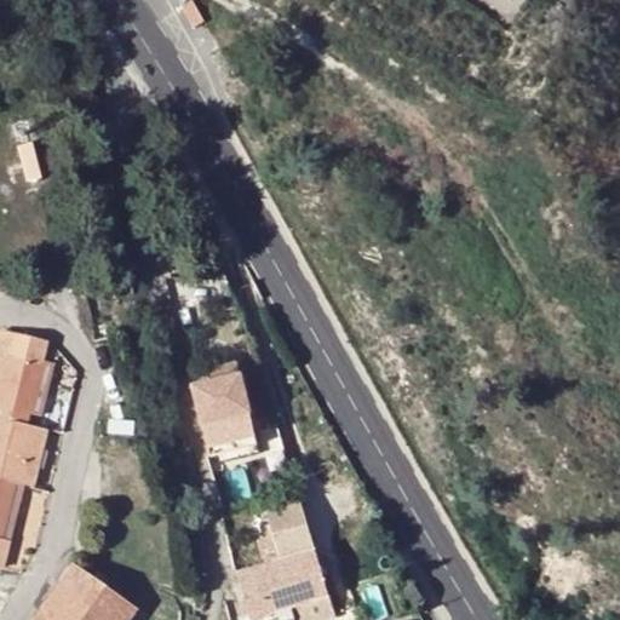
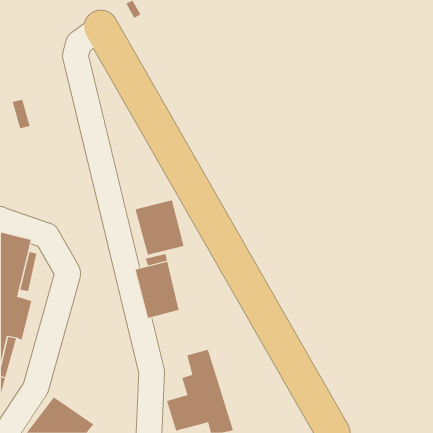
building: none -> [135,199,184,256]

